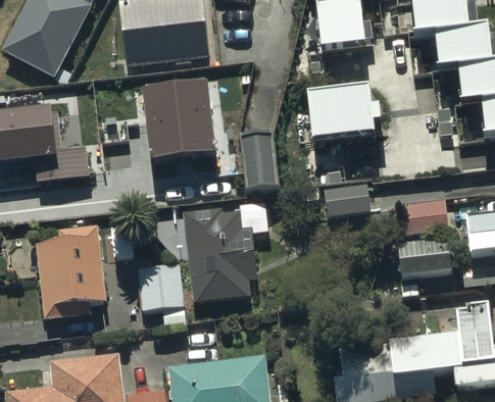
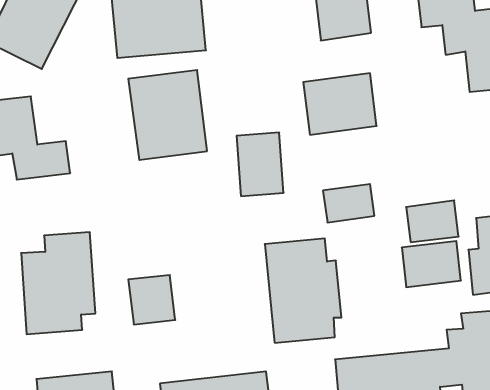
building: [187,206,258,303] -> [265,239,341,343]

